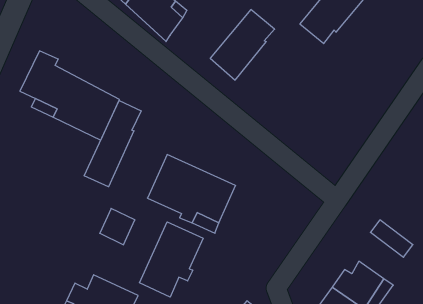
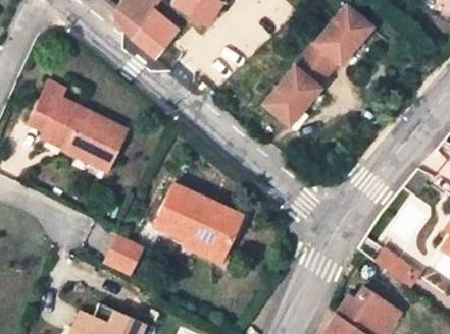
building: [210,10,275,80] -> [264,56,328,125]
building: [84,101,141,187] -> none
building: [140,222,203,297] -> none

